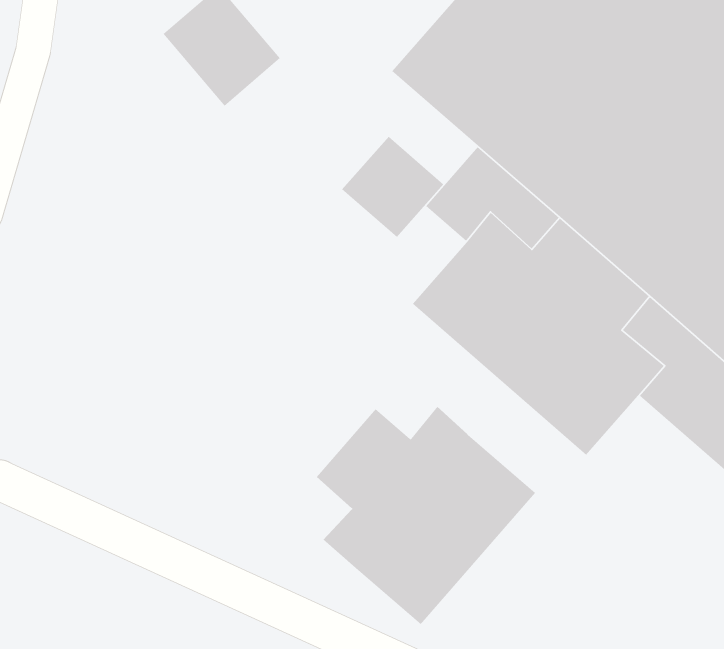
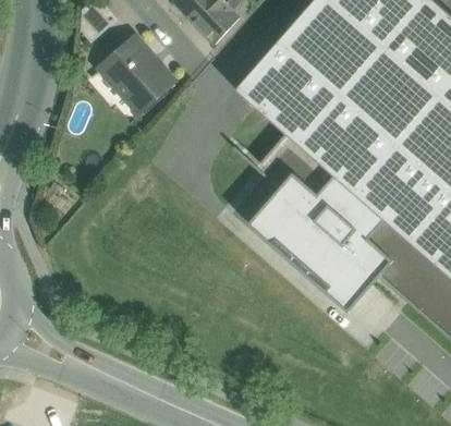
building: [341,136,444,238] -> none
building: [316,406,536,625] -> none

